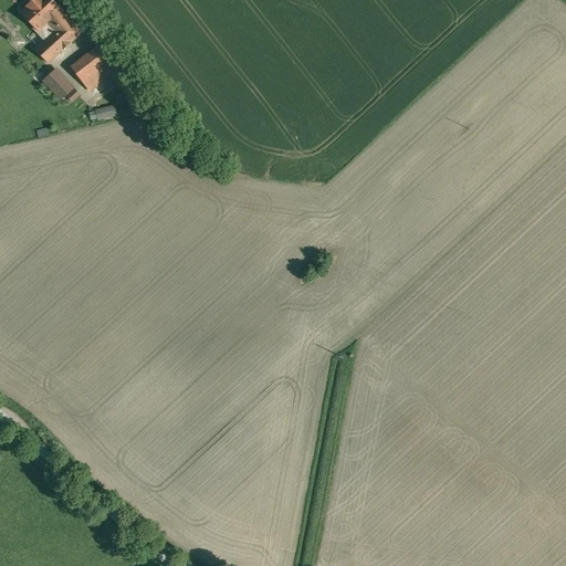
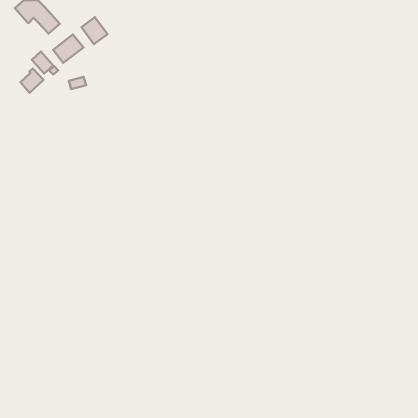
building: none -> [81,17,108,44]
building: [34,30,65,63] -> [20,68,43,93]

